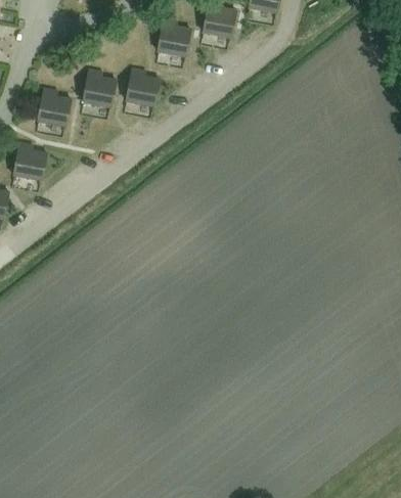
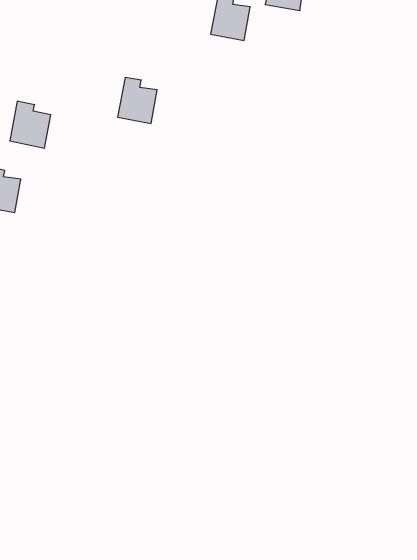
building: [157,19,190,58] -> none
building: [82,71,116,108] -> none

